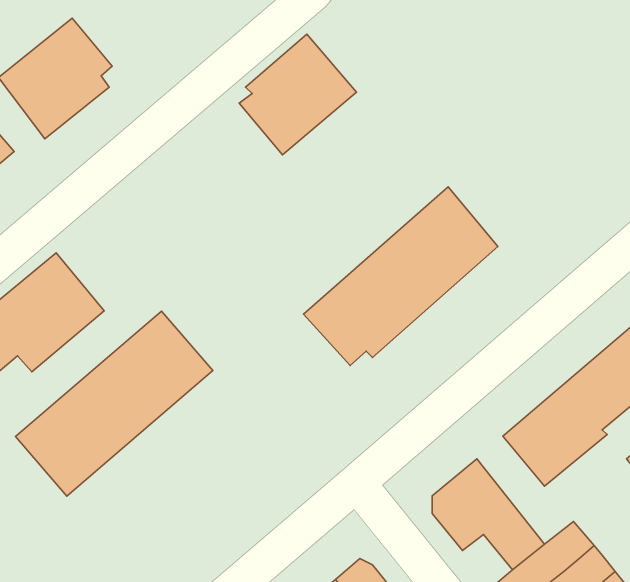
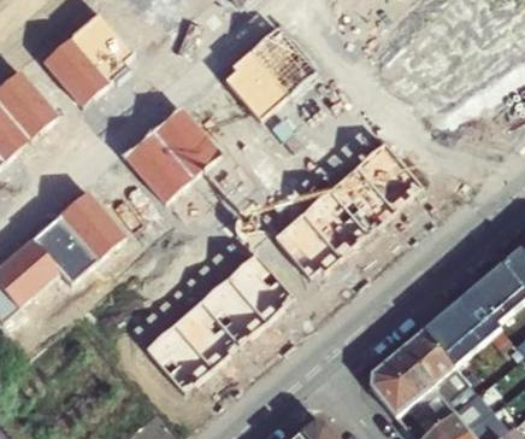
building: none -> [124,105,220,201]
building: [15,311,213,496] -> [144,253,293,392]
building: none -> [403,329,476,410]

